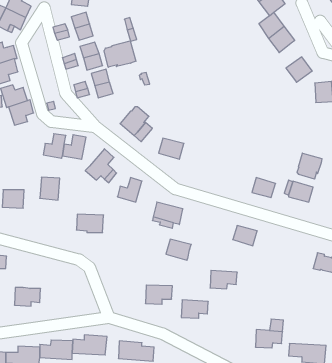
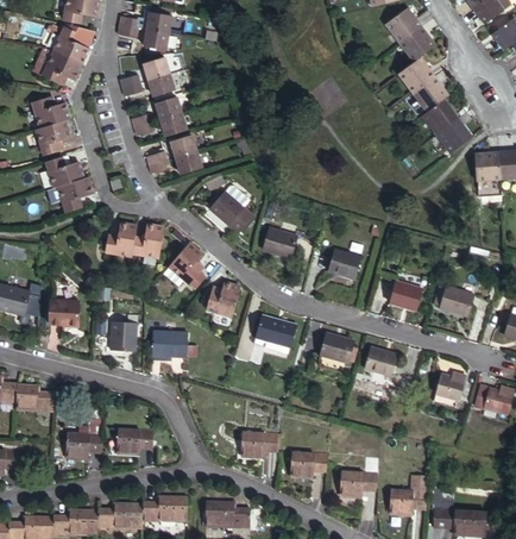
building: [104,41,136,67] -> none
building: none -> [421,99,457,133]
building: none -> [327,249,360,277]
building: [297,153,322,179] -> none
building: [40,177,60,200] -> [108,320,136,351]
building: [166,239,191,260] -> [319,333,353,362]
building: none -> [434,372,465,400]
building: [210,270,237,289] -> [344,469,380,494]
building: none -> [117,427,153,453]

